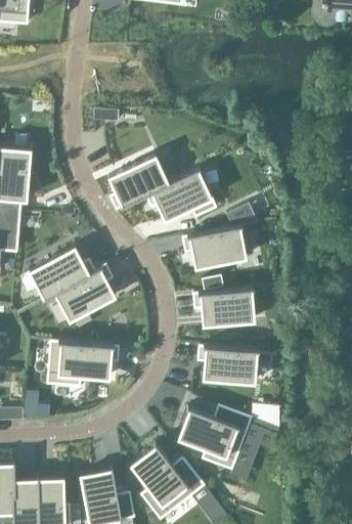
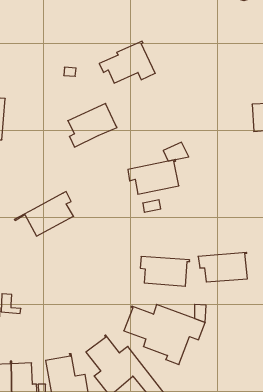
building: [146,169,216,221] -> [99,41,155,83]
building: [30,248,102,301] -> none
building: [193,290,255,326] -> [198,252,247,282]
building: [47,342,119,387] -> none

